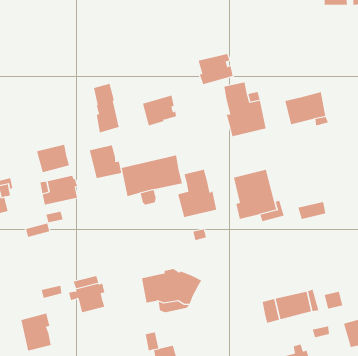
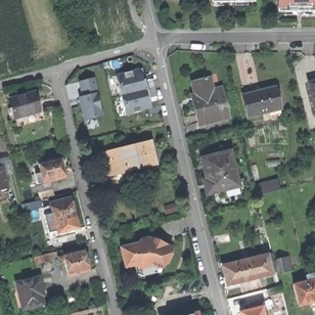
building: [198,53,234,85] -> [118,69,148,95]
building: [36,144,70,173] -> [11,92,40,117]
building: [89,144,122,179] -> none
building: [178,169,217,218] -> none
building: none -> [46,195,80,231]

